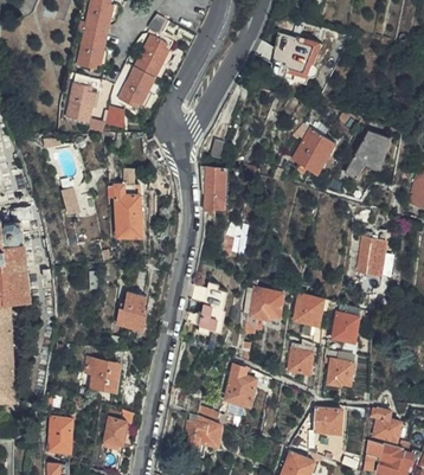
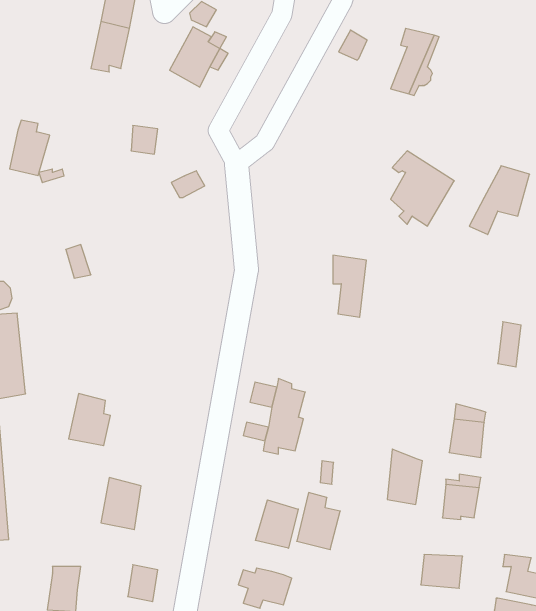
building: [270,32,302,81] -> none
building: [117,68,155,105] -> none
building: [65,83,94,122] -> [10,120,50,176]
building: [203,167,226,211] -> [333,255,366,317]
building: [107,184,141,236] -> none
building: [250,290,282,325] -> none
building: [118,291,148,328] -> [69,394,110,446]
building: [293,295,321,326] -> none
building: none -> [255,500,298,548]

